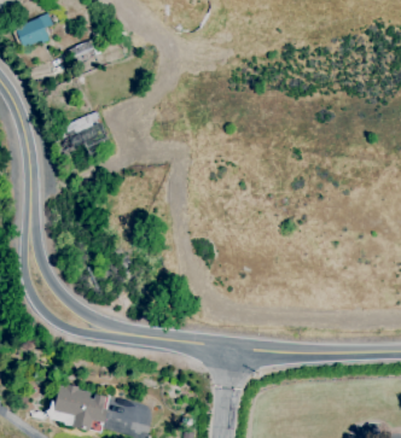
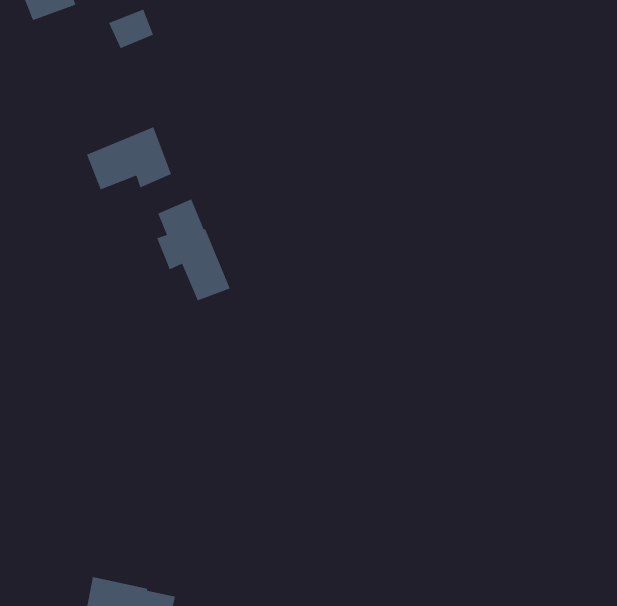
building: none -> [157,198,230,301]

